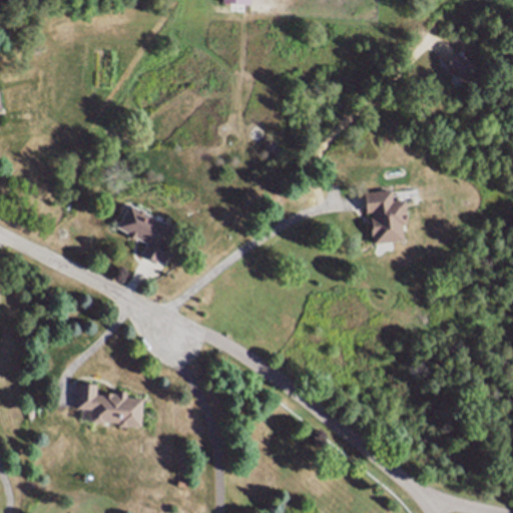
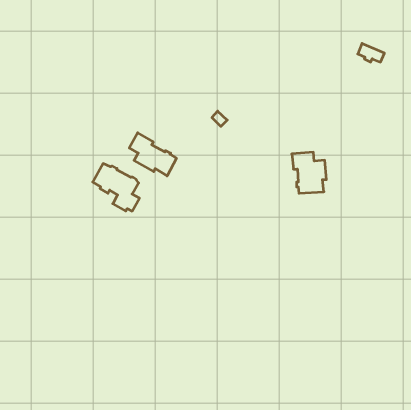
building: none -> [129,133,176,176]
building: [75,384,142,429] -> none

